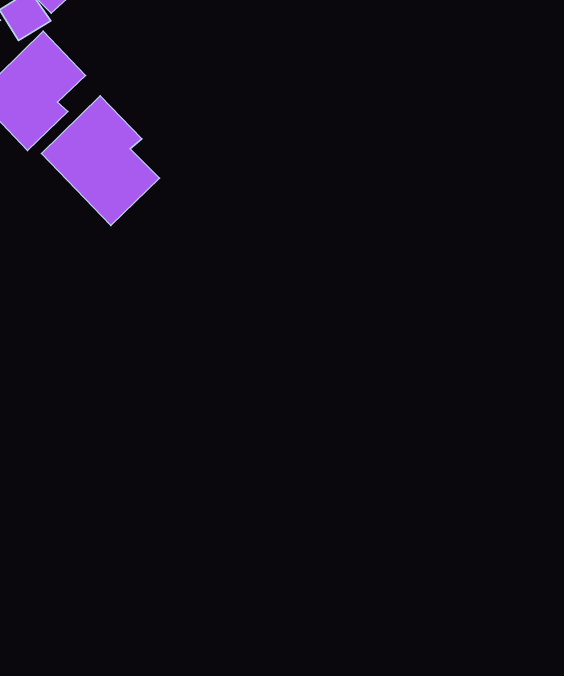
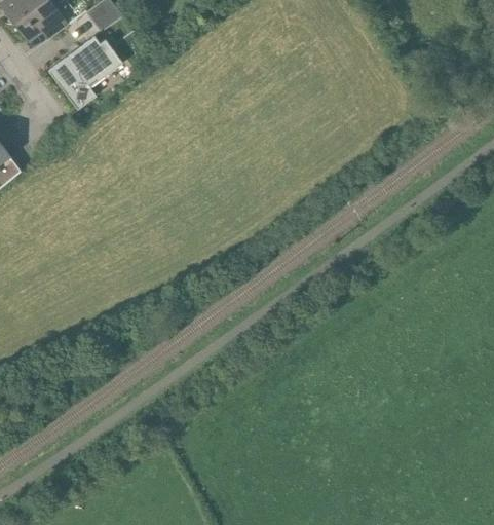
building: [42,96,159,225] -> none

